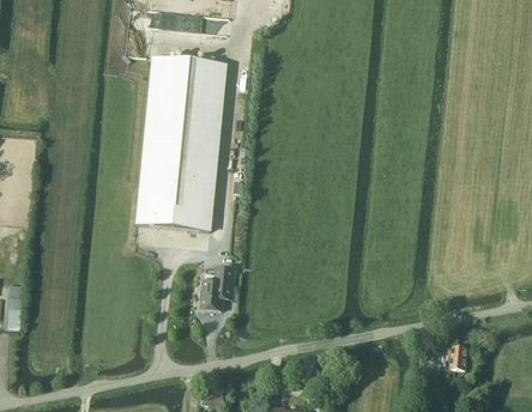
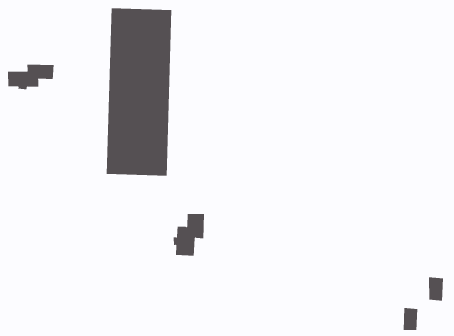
building: none -> [8,64,54,90]

